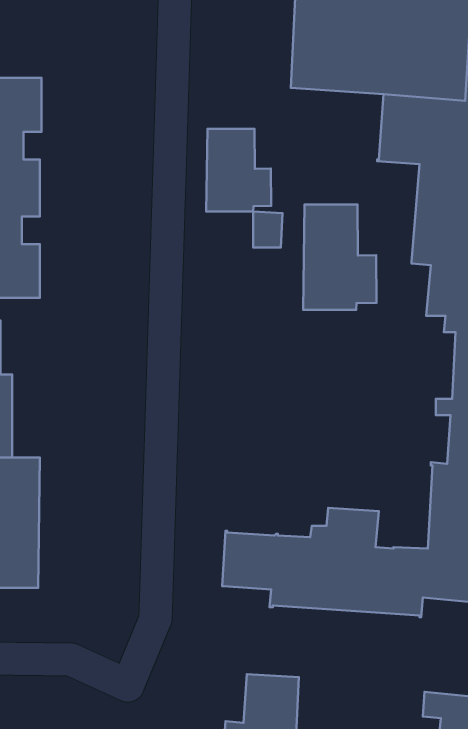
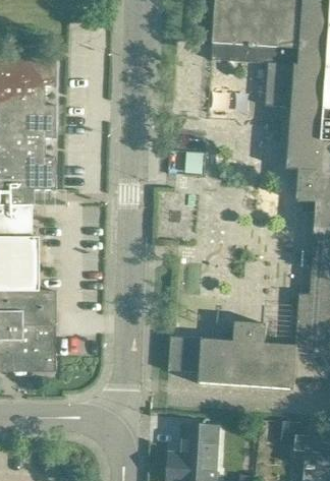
building: [206,129,271,212] -> none
building: [303,205,377,310] -> none

